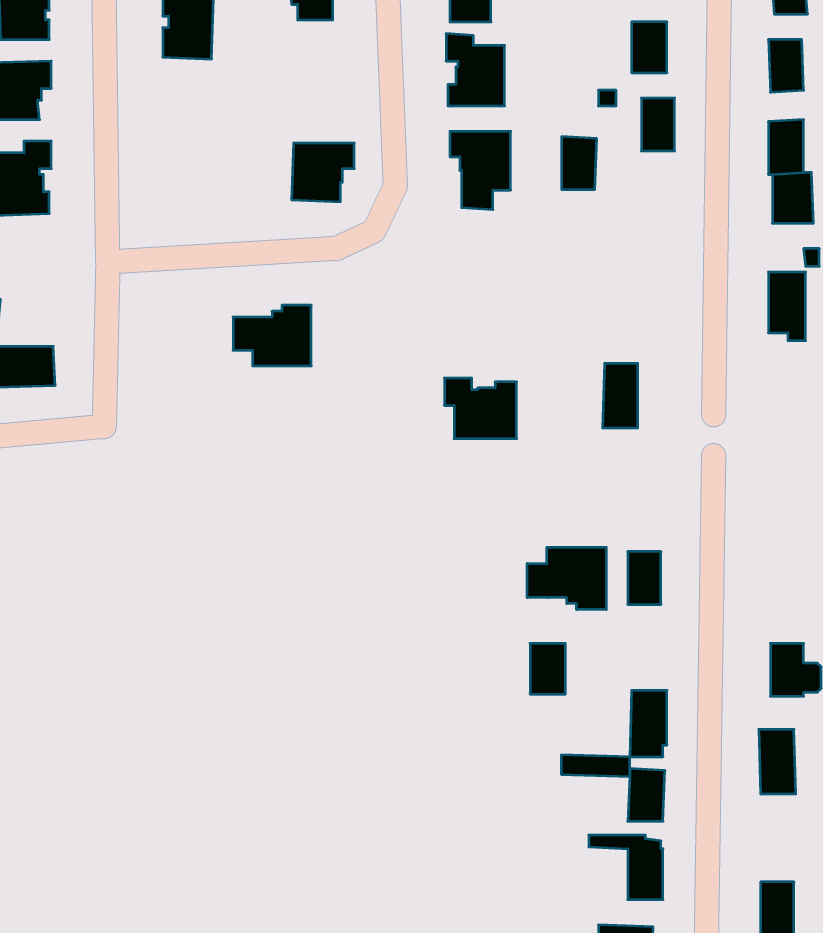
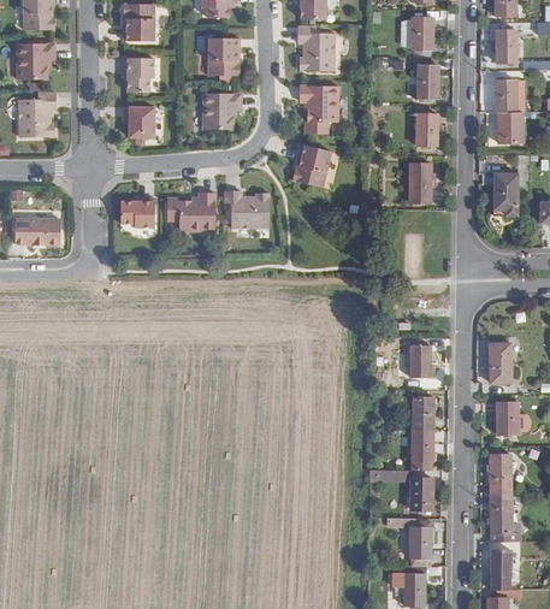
building: none -> [208,37,238,75]
building: none -> [123,58,153,91]
building: [562,137,597,189] -> [416,113,438,146]
building: none -> [124,106,154,137]
building: none -> [292,143,330,187]
building: none -> [119,197,154,226]
building: [603,363,638,428] -> [409,164,431,203]
building: [444,378,517,439] -> [224,190,268,227]
building: [527,547,606,610] -> none
building: none -> [491,342,513,383]
building: [530,643,565,694] -> [412,398,433,430]
building: none -> [491,493,521,542]

